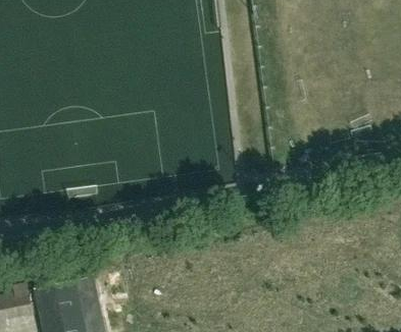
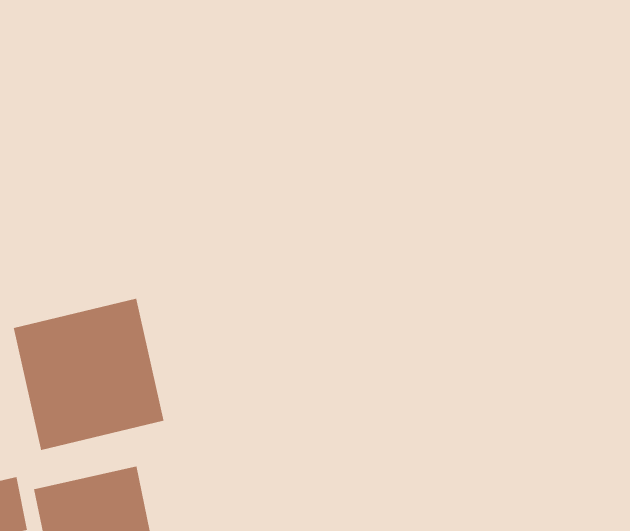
building: none -> [13,298,164,451]

